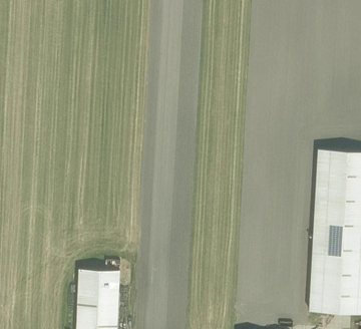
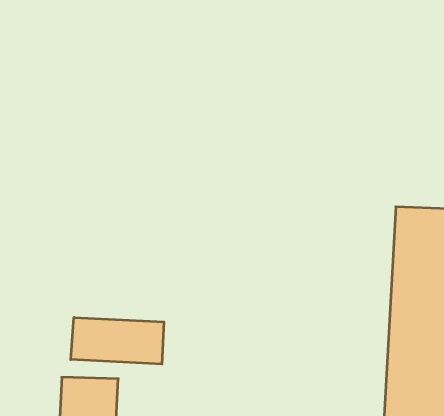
building: none -> [71,317,164,364]

